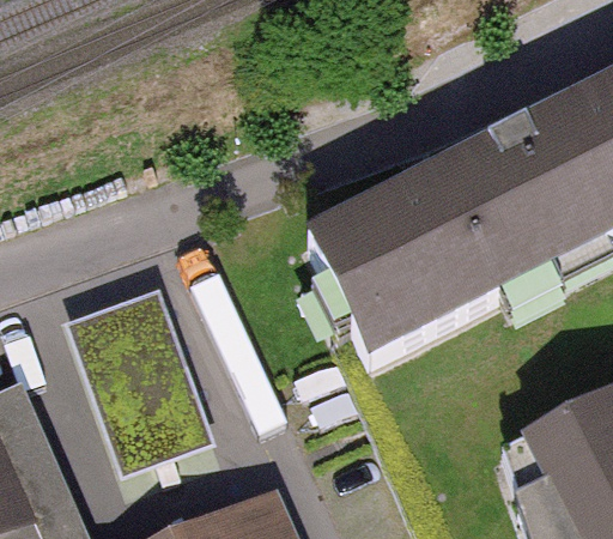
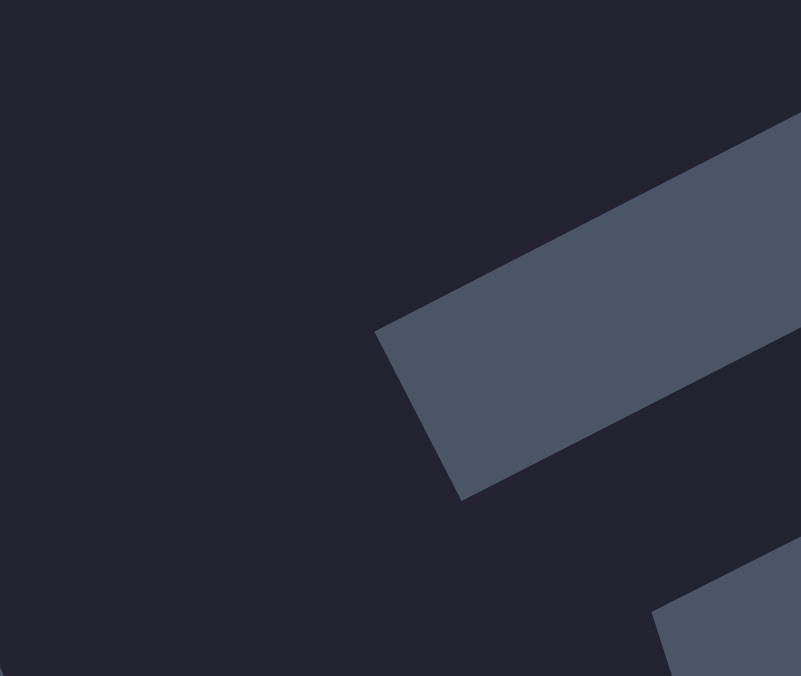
building: [68,283,219,474] -> none

